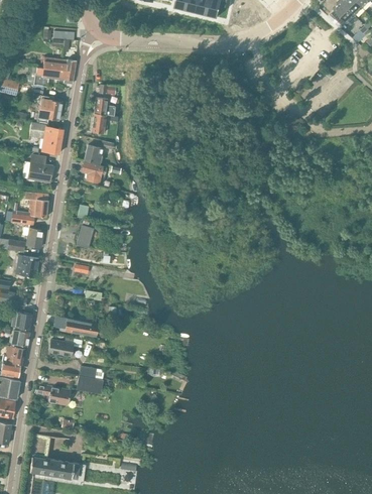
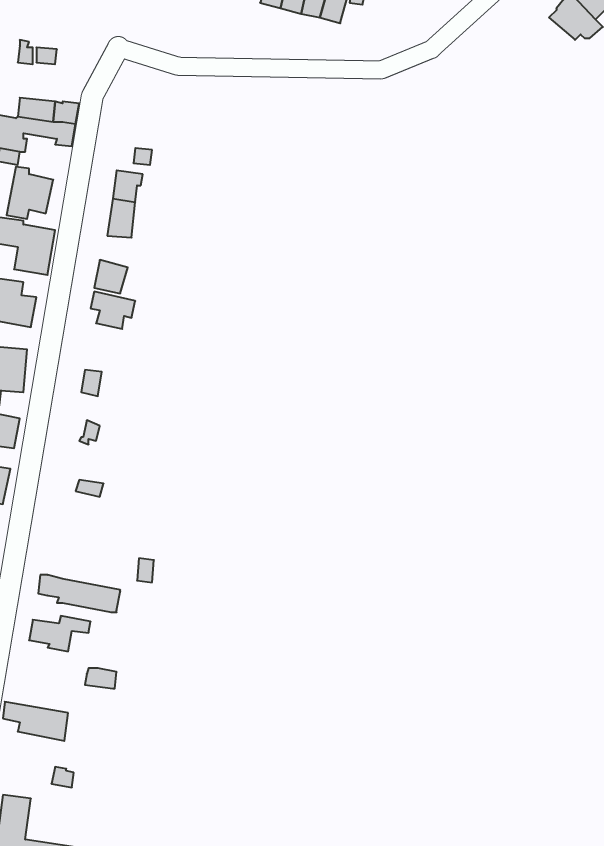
building: [77,375,104,393] -> none

